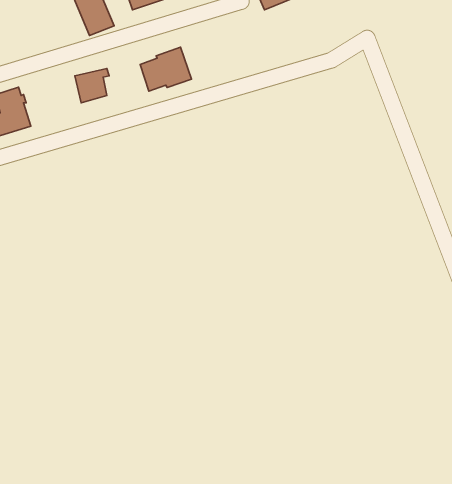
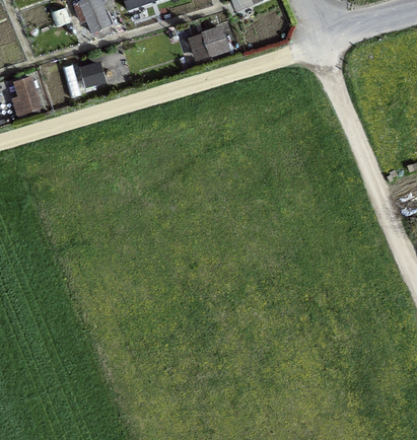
building: [140,47,192,91] -> [187,24,229,61]

